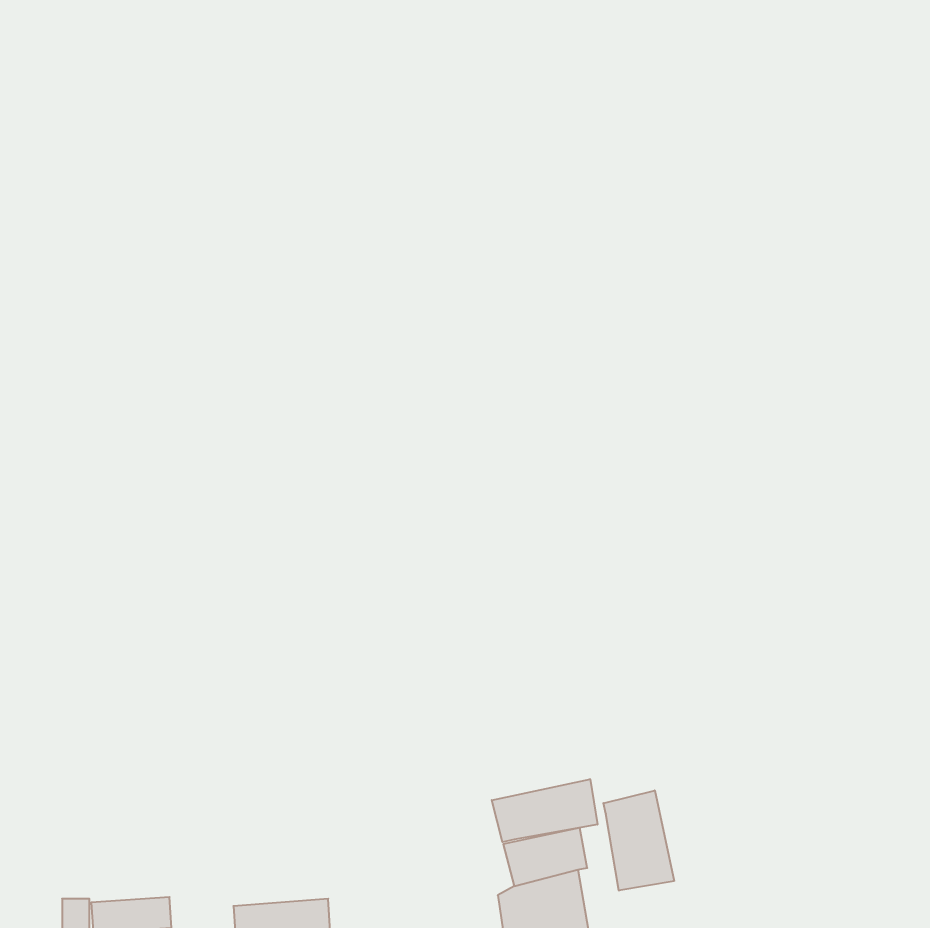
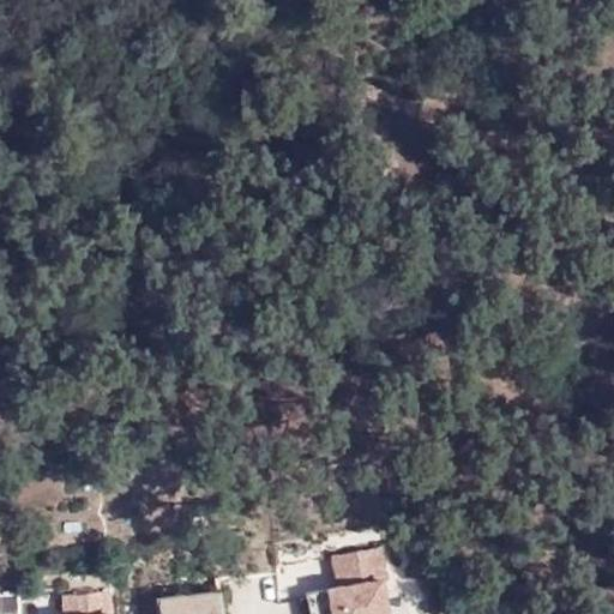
building: [492,779,597,842] -> none
building: [603,790,674,891] -> none

